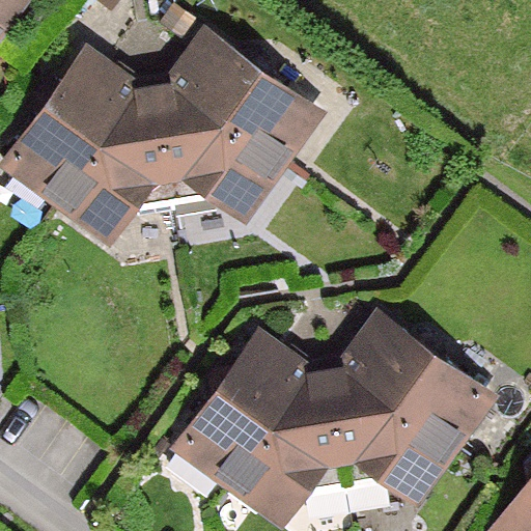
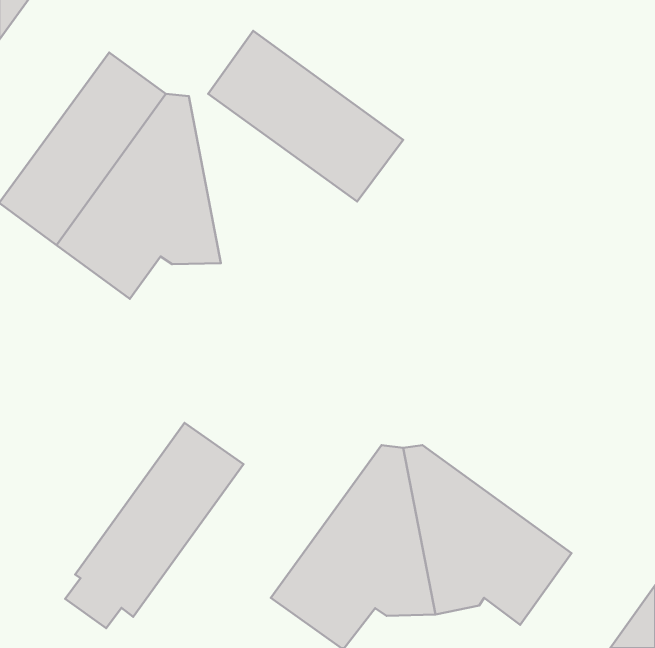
building: [152,76,288,221] -> none
building: [341,309,499,447] -> none
building: [164,327,308,493] -> [65,423,244,628]

